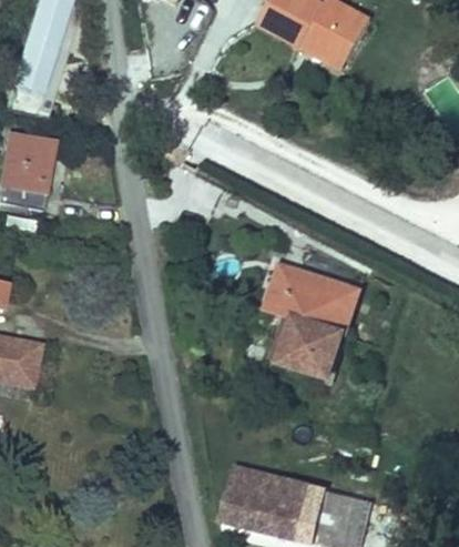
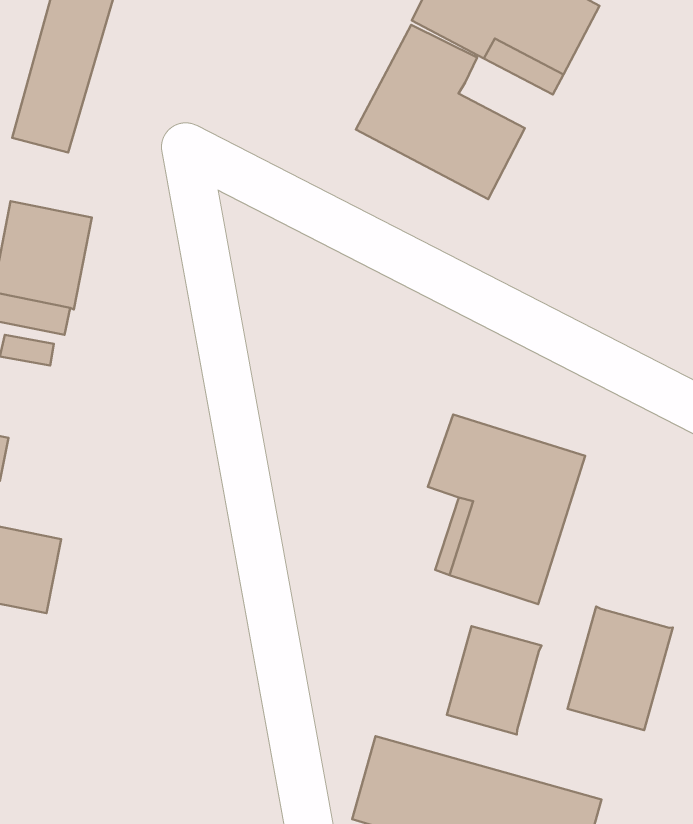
building: none -> [356,25,525,199]
building: none -> [567,606,673,730]
building: none -> [447,626,541,734]

